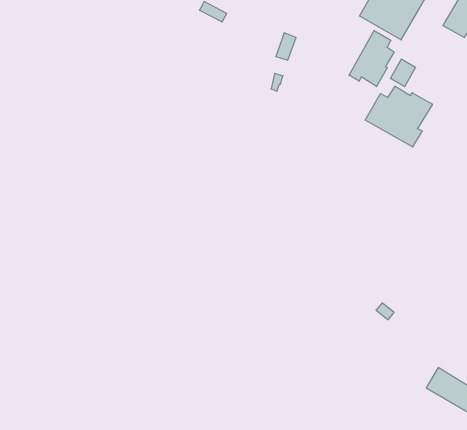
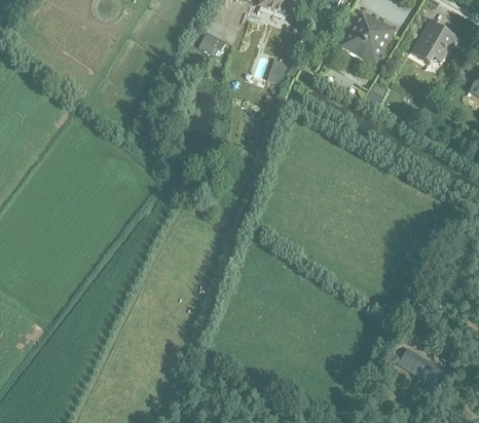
building: [349,30,394,87] -> none
building: [365,86,432,147] -> none

